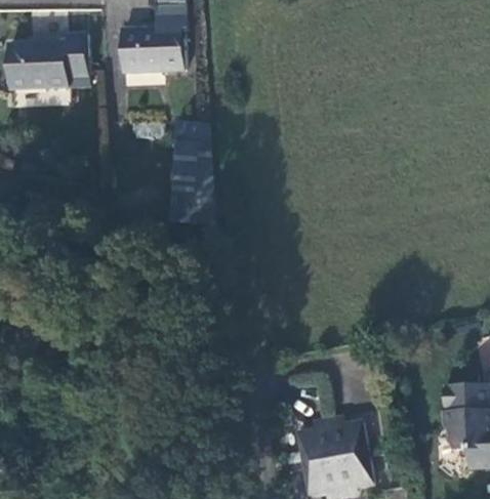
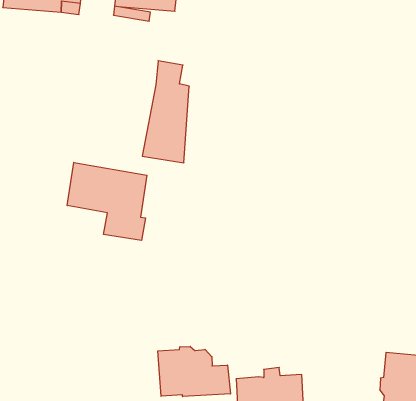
building: none -> [67,162,147,240]
building: none -> [158,346,230,397]

